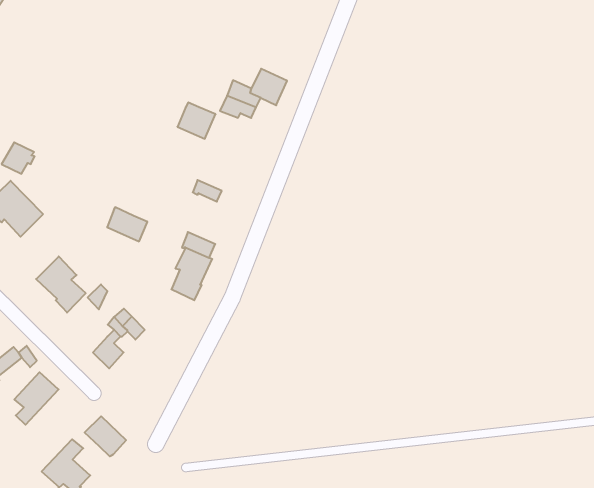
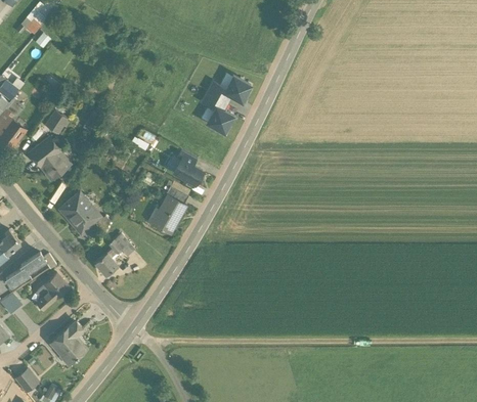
building: [177,102,216,139] -> [205,104,232,131]
building: [107,207,147,241] -> [172,158,201,183]
building: [85,416,126,456] -> none

